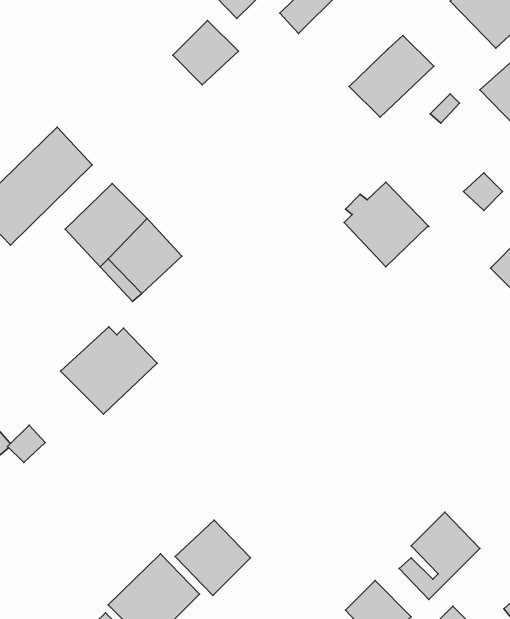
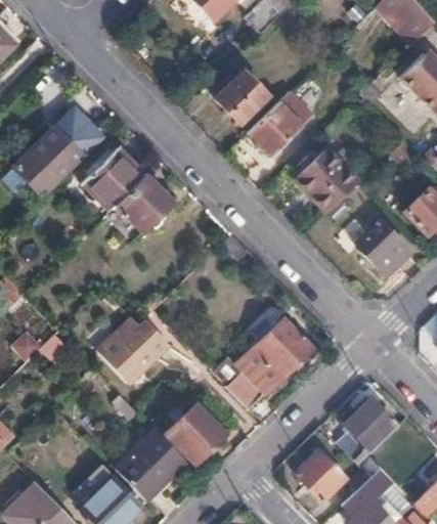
building: [173,20,238,85] -> [217,72,267,121]
building: [349,35,434,117] -> [250,92,314,155]
building: none -> [358,223,409,273]
building: [60,327,157,414] -> [97,317,171,384]
building: none -> [230,318,311,407]

